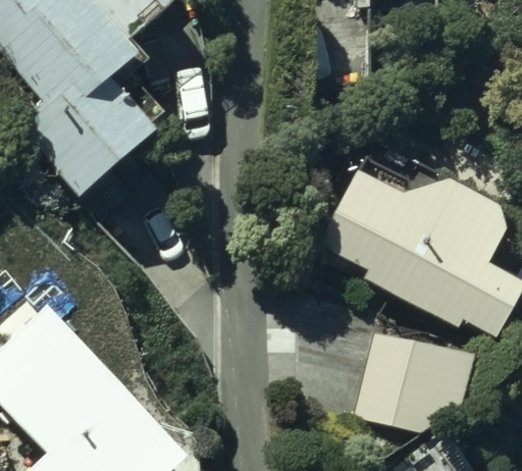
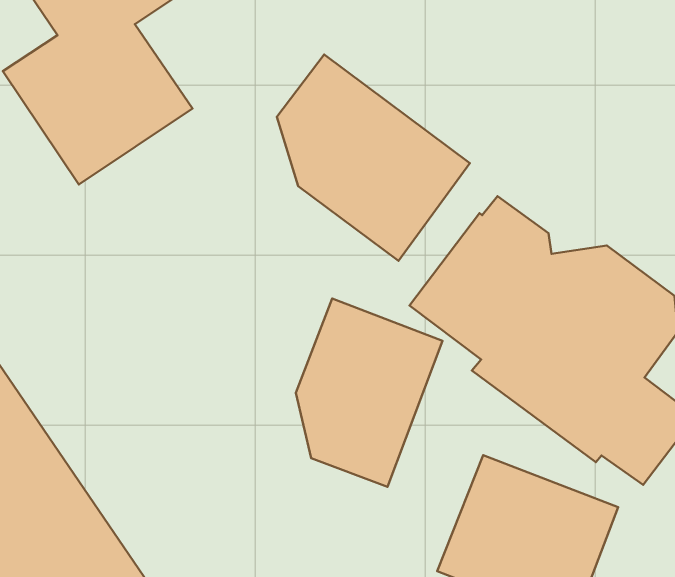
building: none -> [277,54,470,261]
building: none -> [296,299,442,487]

